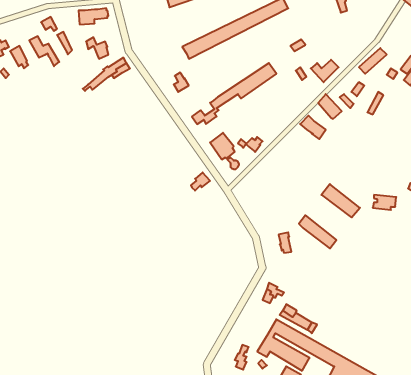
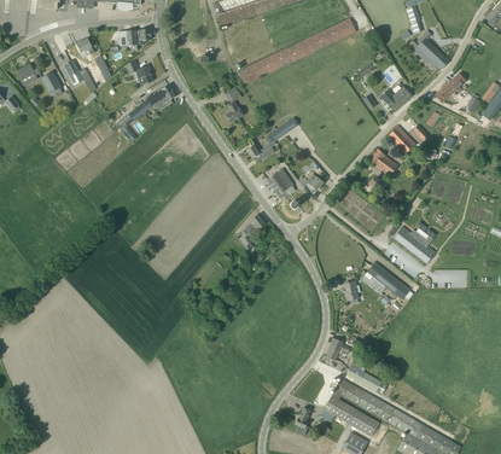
building: none -> [408,30,449,69]

